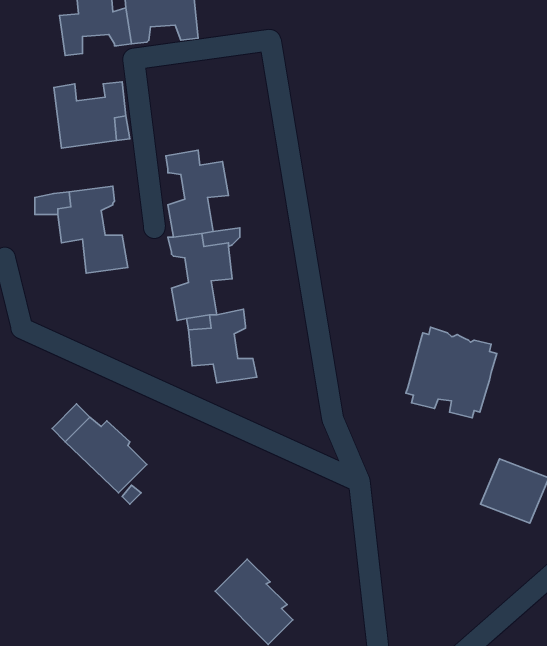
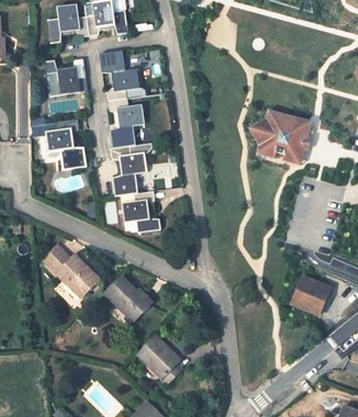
building: none -> [99,50,147,101]
building: [406,327,497,418] -> [258,111,311,164]
building: none -> [104,275,152,320]

